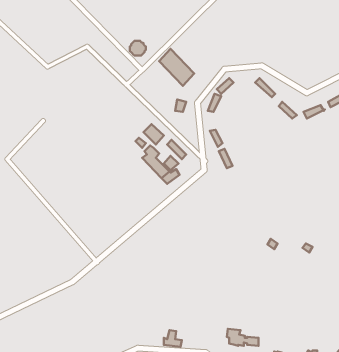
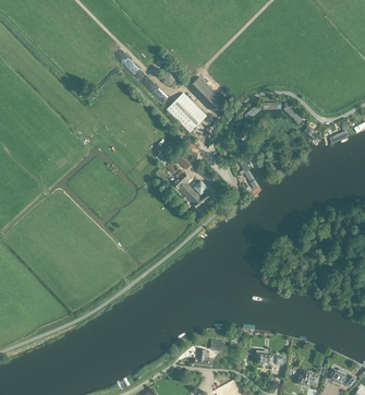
building: none -> [167,93,205,132]

